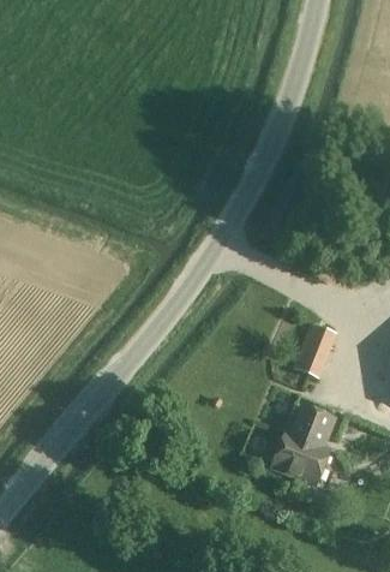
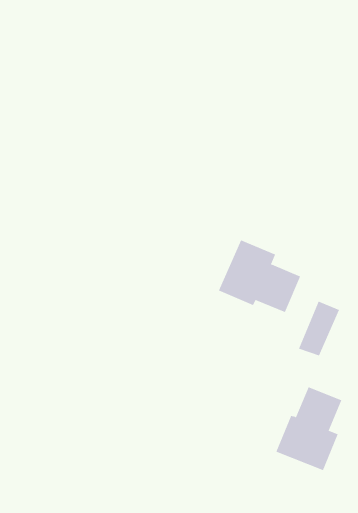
building: none -> [218,240,301,313]

